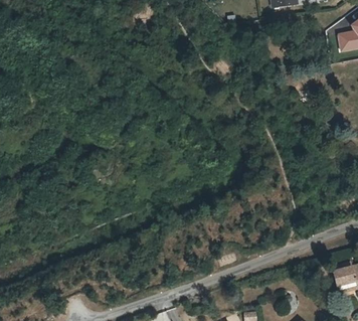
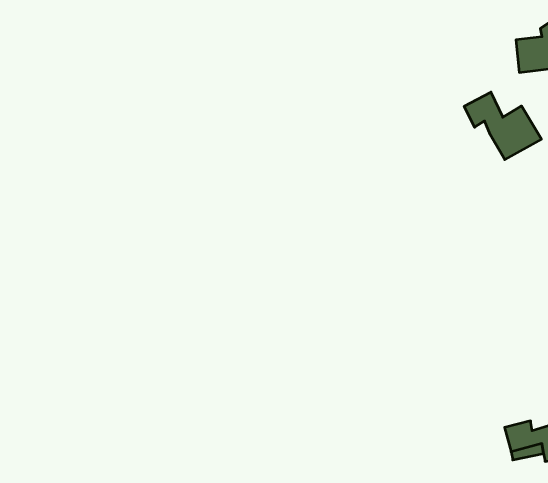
building: none -> [464,92,541,160]

